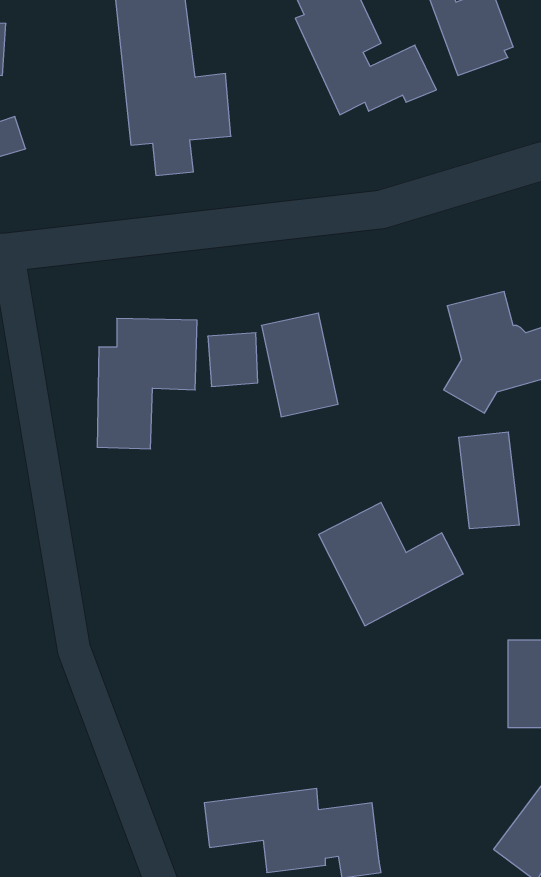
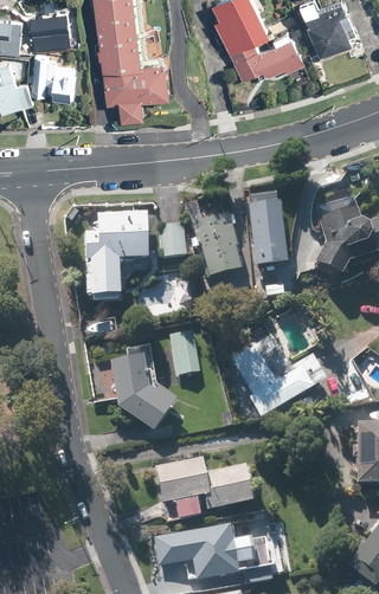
building: none -> [32,13,72,49]
building: none -> [34,53,77,103]
building: [459,432,519,529] -> [248,202,288,266]
building: none -> [169,332,200,377]
building: none -> [113,347,176,433]
building: none -> [154,460,251,523]

